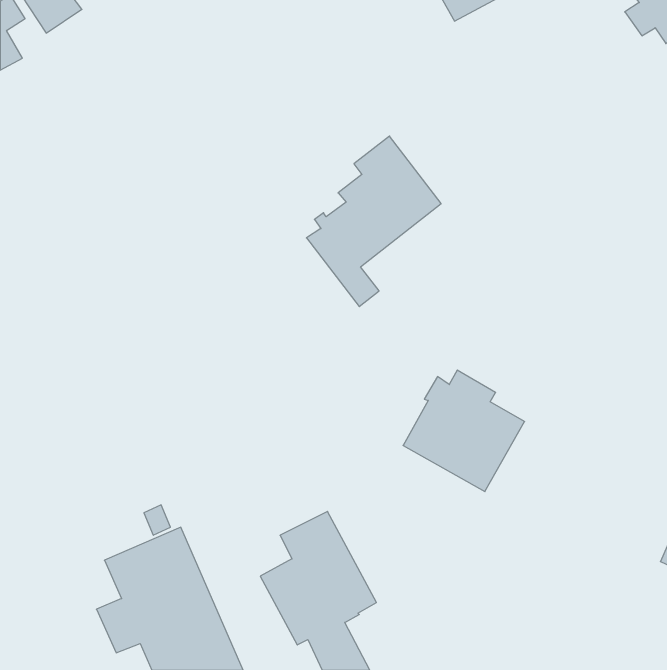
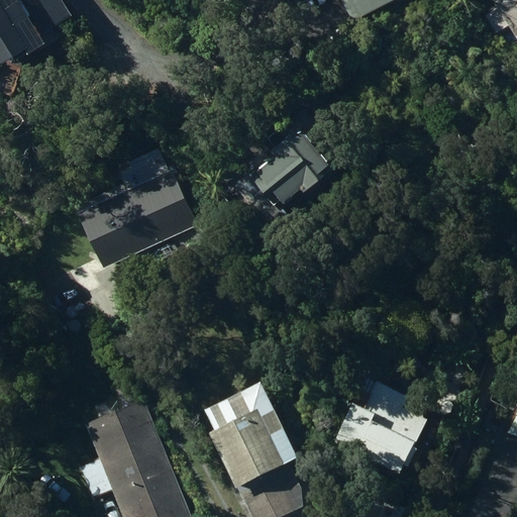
building: none -> [80,167,197,265]
building: [403,370,525,492] -> [330,390,423,483]

